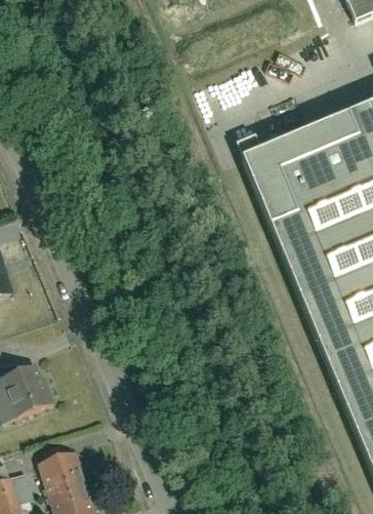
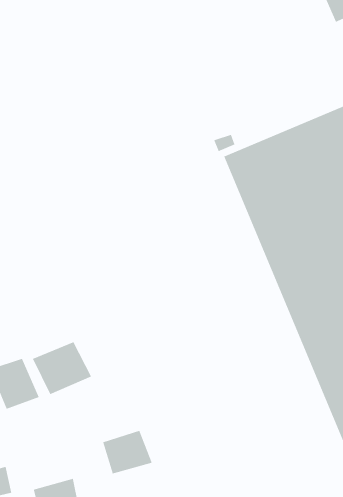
building: none -> [32,341,92,395]
building: [42,448,93,493] -> [102,430,153,474]

